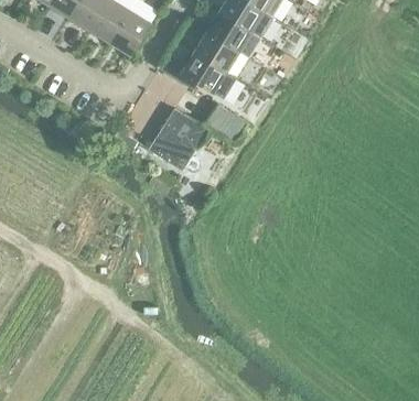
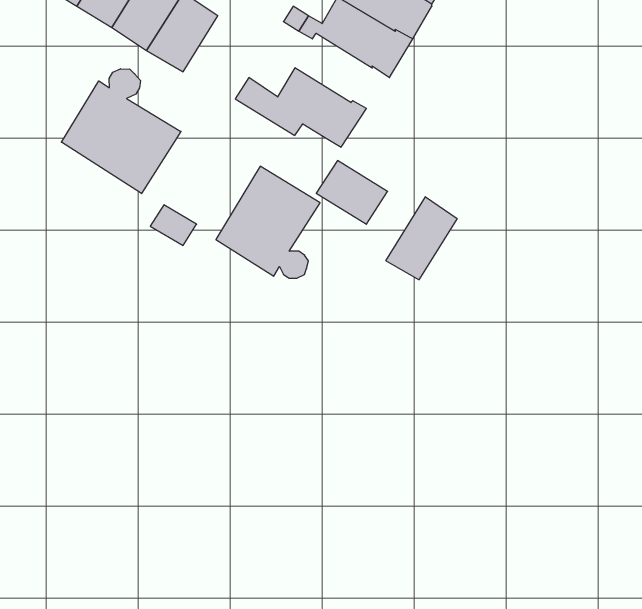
building: [195,32,239,72] -> none
building: none -> [61,69,181,194]
building: none -> [386,197,457,280]

